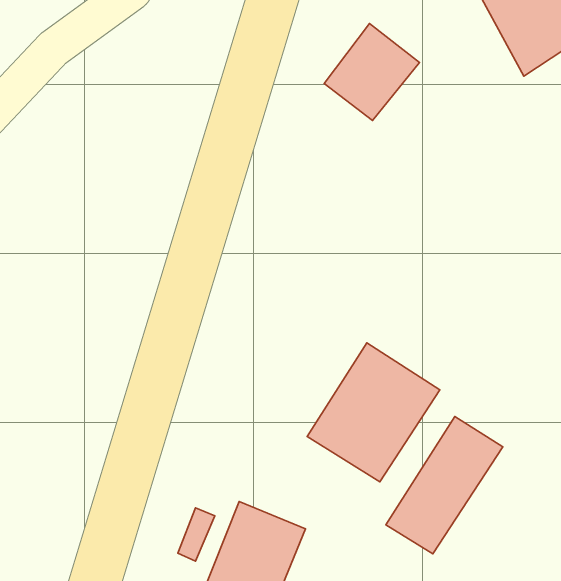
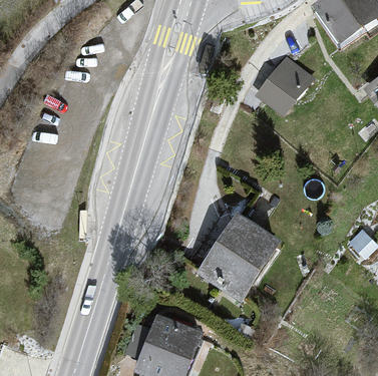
building: [324,24,419,121] -> [253,55,312,115]
building: [386,416,503,554] -> none

